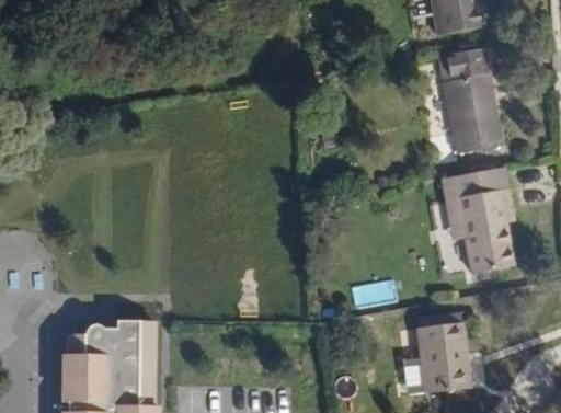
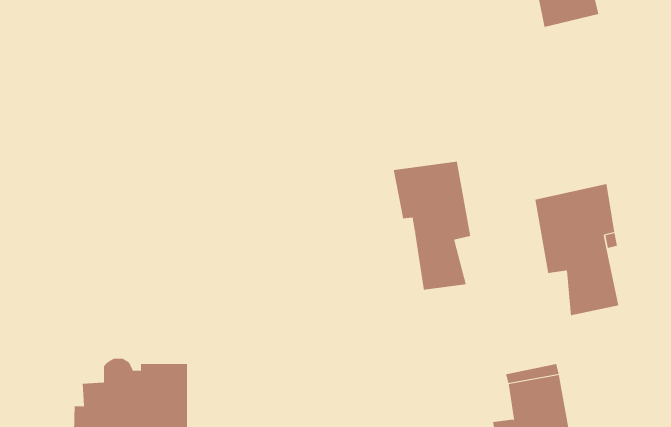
building: [436,50,501,154] -> none
building: none -> [393,161,471,291]

